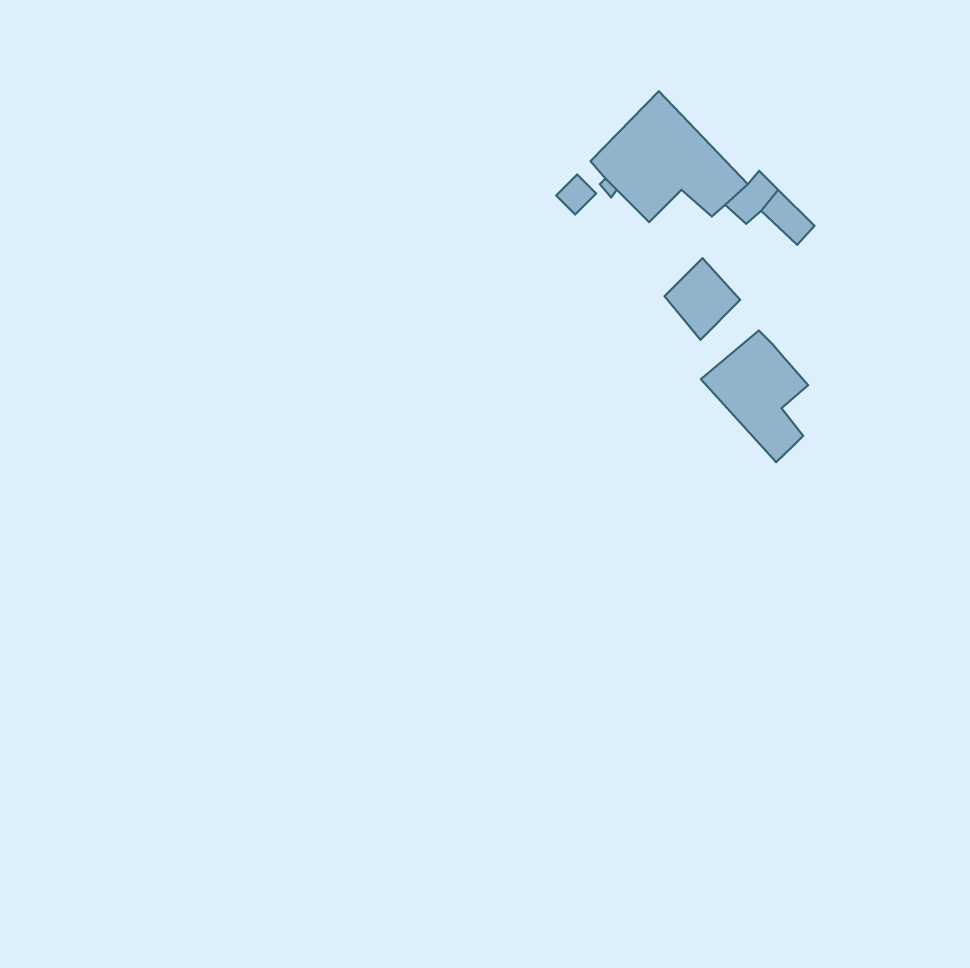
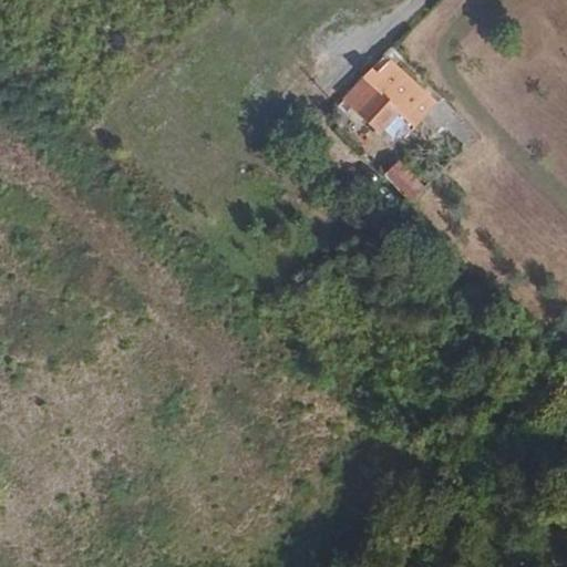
building: [701,330,808,462] -> none

